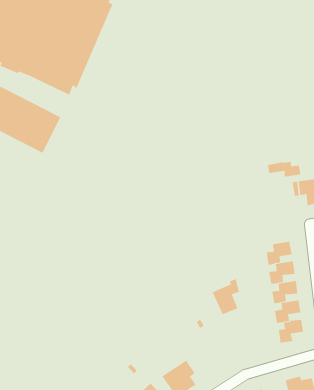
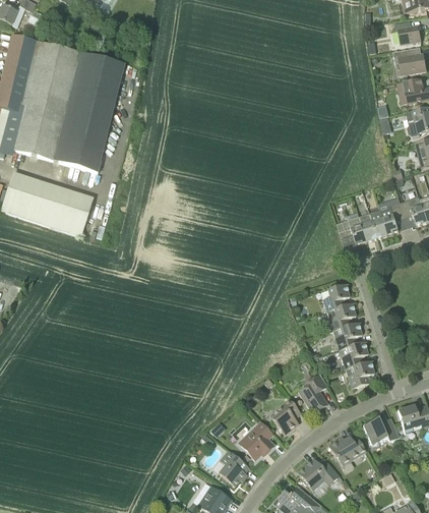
building: [268,161,301,177] -> none
building: [212,278,240,315] -> [298,373,327,412]
building: none -> [271,398,301,435]

